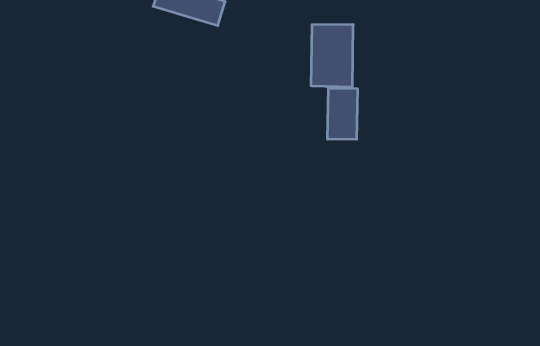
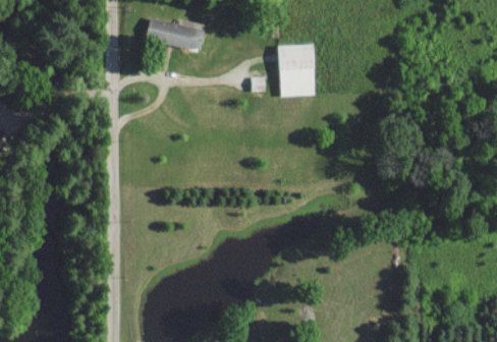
building: [328,88,357,139] -> none

